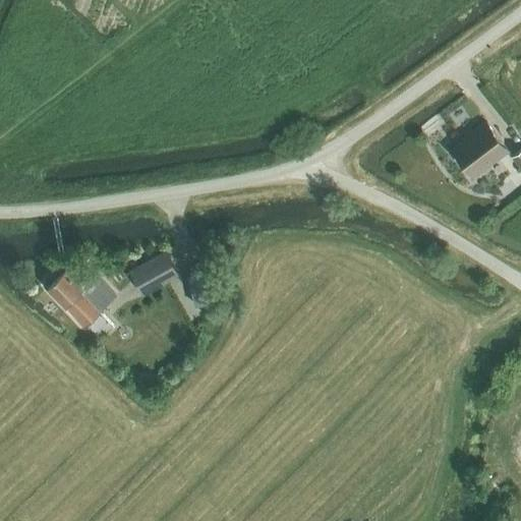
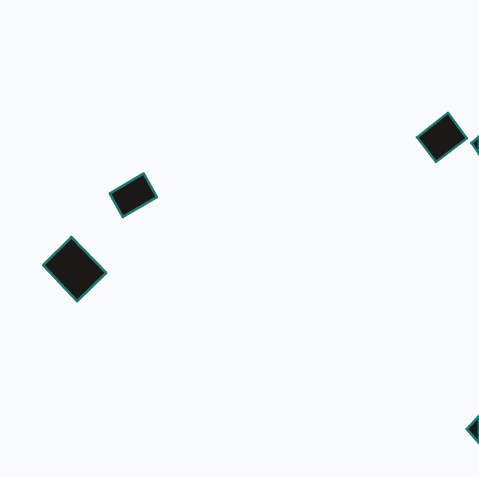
building: [127,253,178,300] -> [110,174,157,217]

